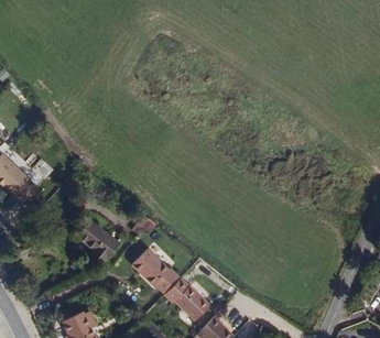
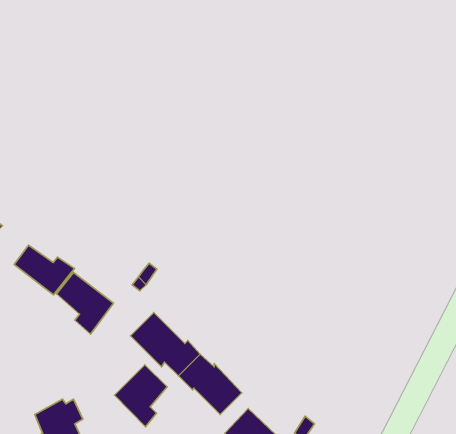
building: none -> [14,245,74,295]
building: none -> [114,365,167,427]

